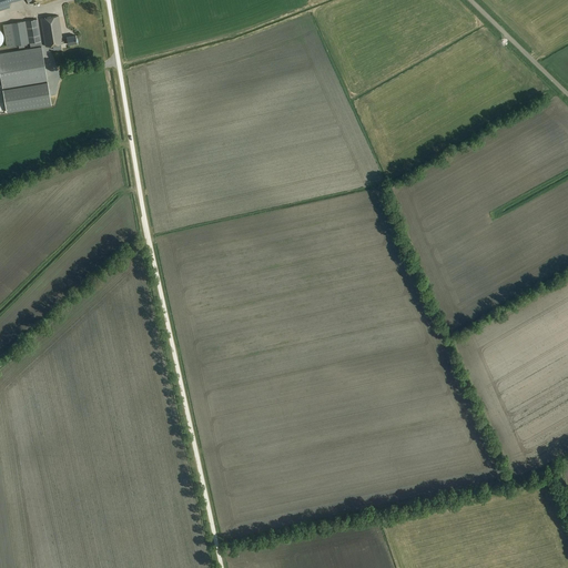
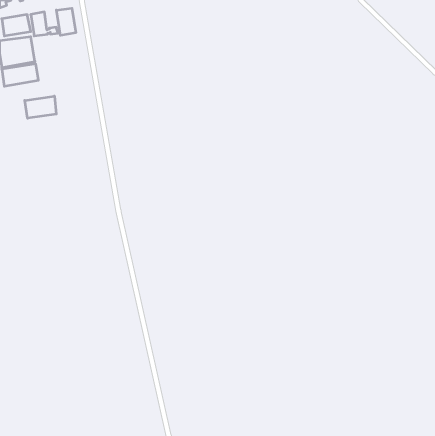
building: none -> [56,8,76,35]
building: none -> [25,96,56,118]

